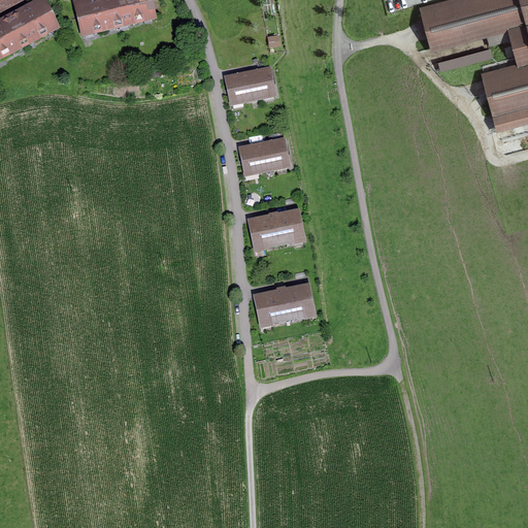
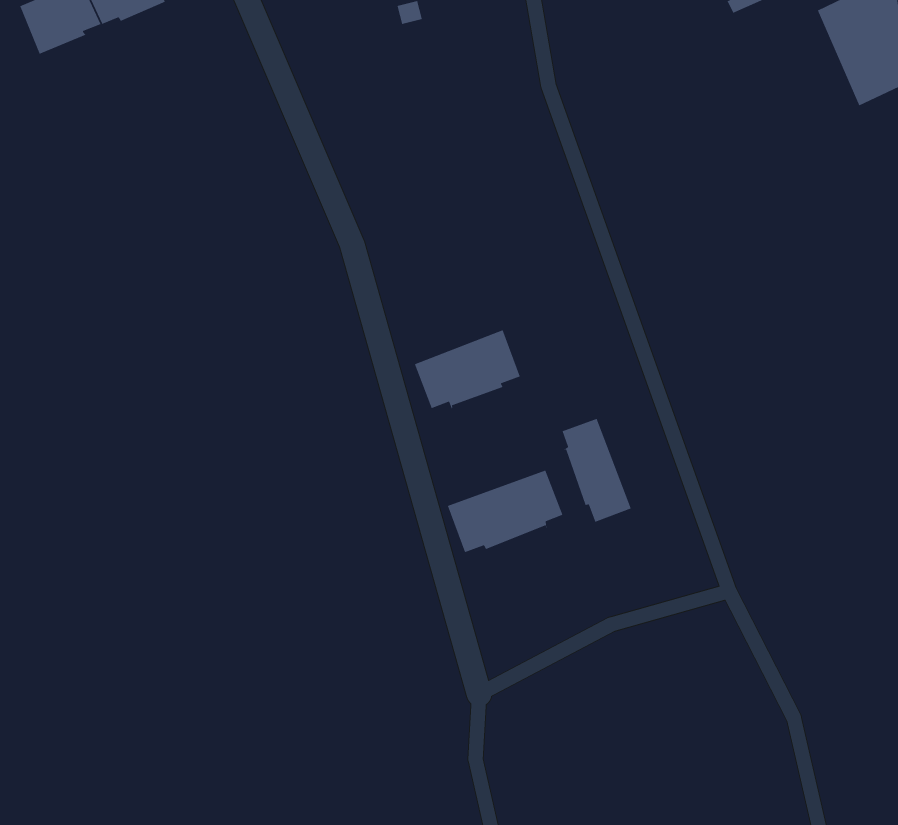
building: [226,69,273,100] -> none
building: [240,140,288,171] -> none
building: none -> [562,418,632,523]

